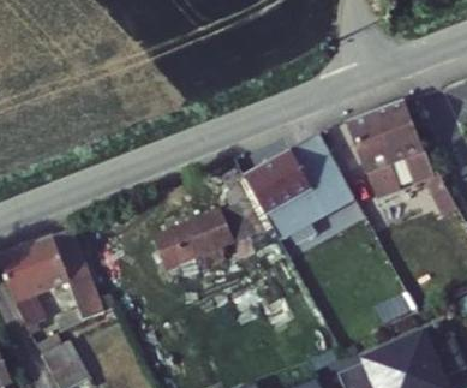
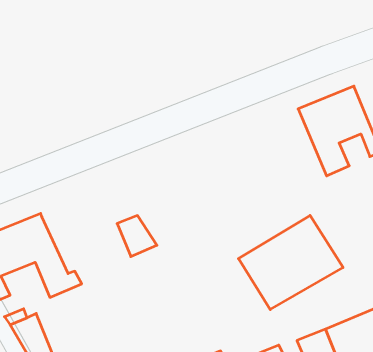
building: [241,133,352,233] -> [238,215,343,310]
building: [174,214,238,267] -> none

